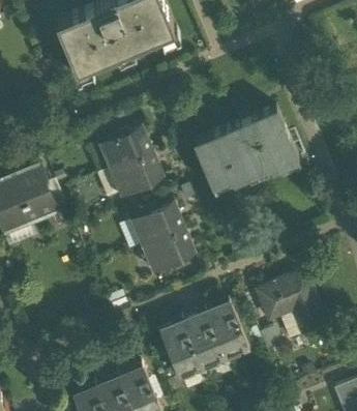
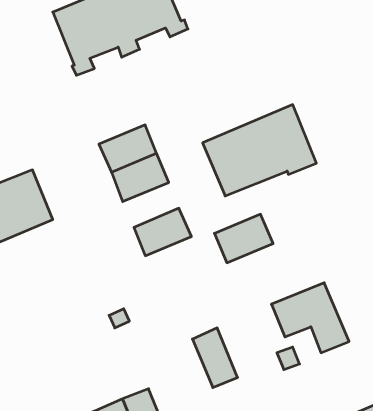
building: [141,227,195,271] -> [214,214,273,263]
building: [207,301,248,356] -> none
building: [160,321,203,375] -> none

